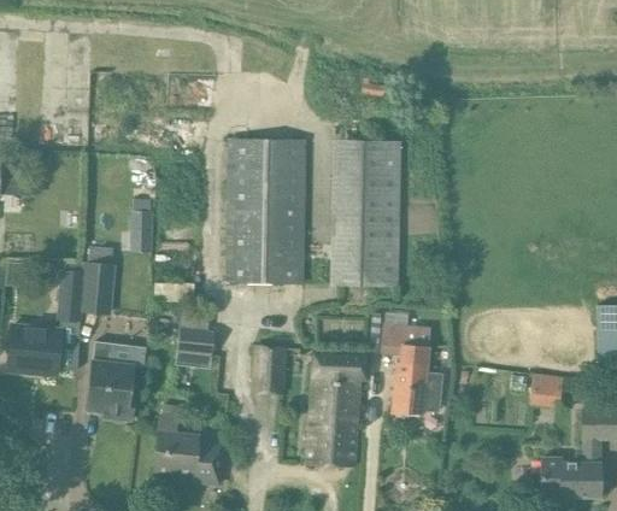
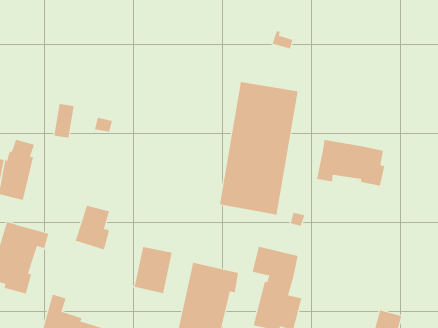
building: [225,139,306,284] -> none
building: none -> [317,139,385,187]

